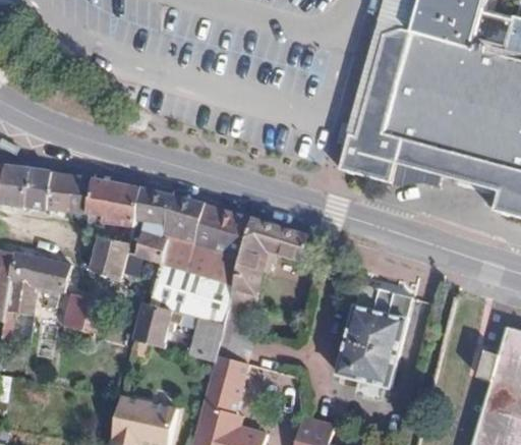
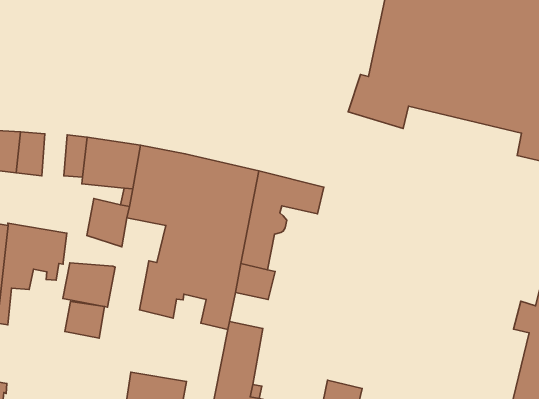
building: [50,172,75,212] -> none
building: [338,284,413,386] -> none
building: none -> [65,301,104,338]

